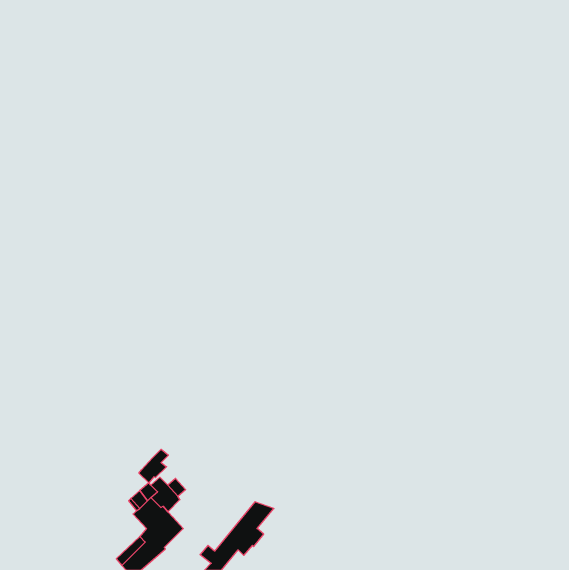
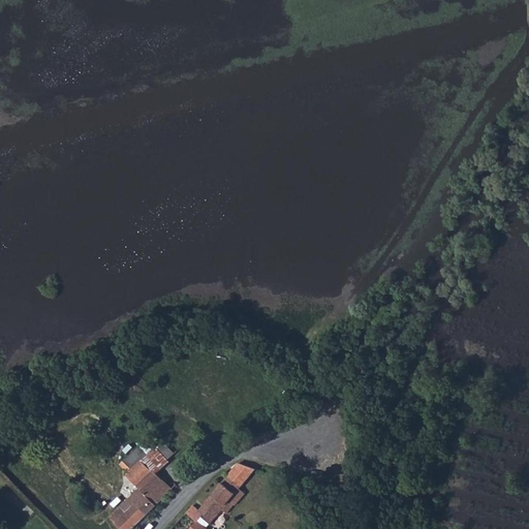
building: [139,449,168,483] -> none

